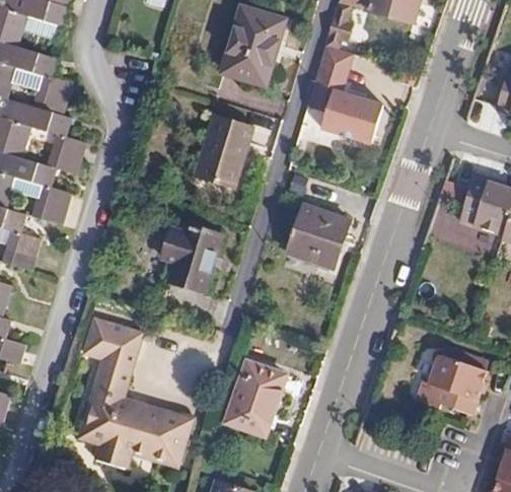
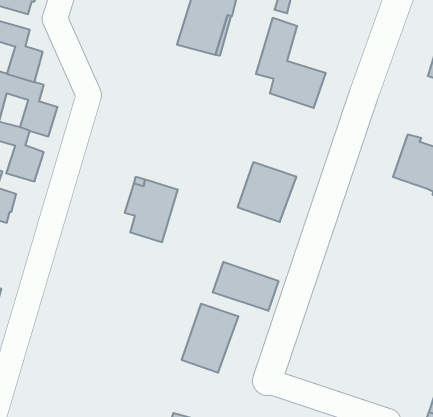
building: [194,113,253,189] -> none
building: none -> [213,262,278,311]
building: [76,319,193,471] -> none
building: [416,353,487,414] -> none

